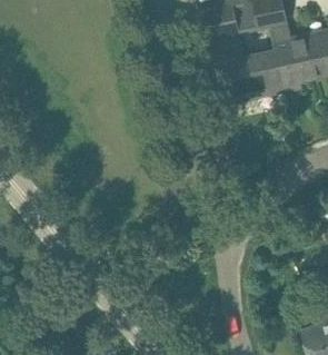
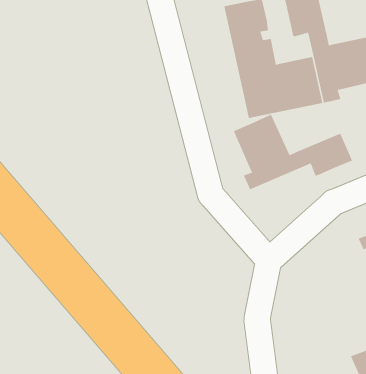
building: none -> [233,114,353,190]

